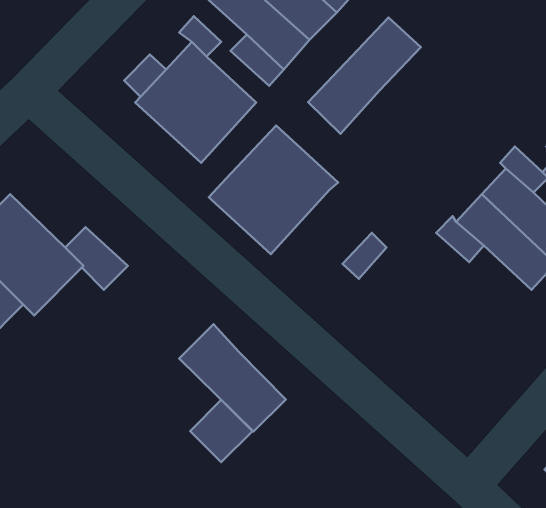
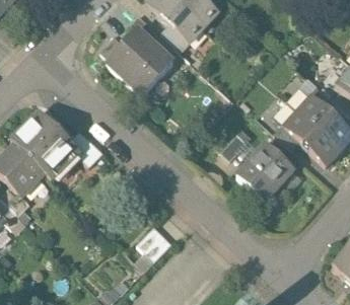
building: [308,17,421,134] -> none
building: [209,126,338,254] -> none
building: none -> [238,142,295,196]
building: [179,324,286,431] -> none

